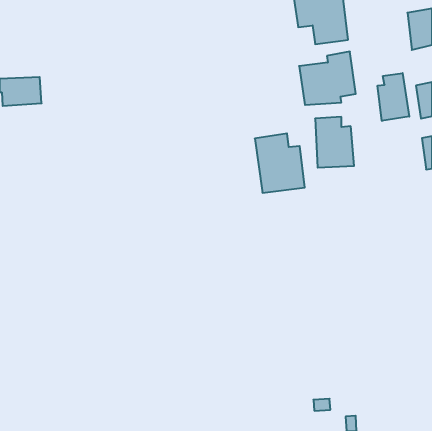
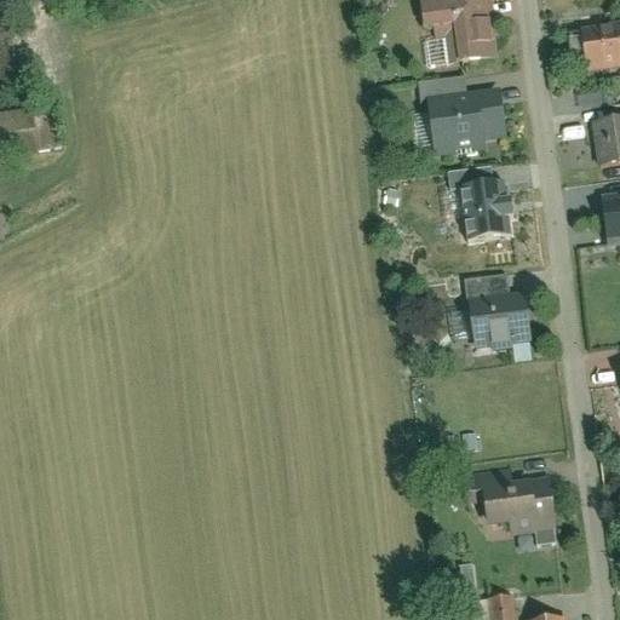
building: [378,73,409,121] -> none
building: [255,133,305,193] -> [463,262,534,346]
building: none -> [482,469,561,551]

